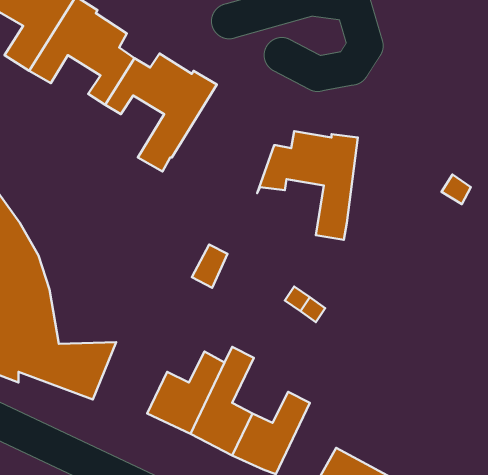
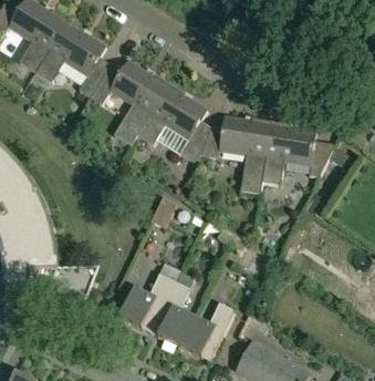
building: none -> [136,83,209,164]
building: none -> [261,121,334,185]

